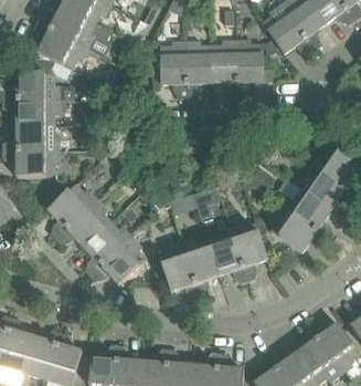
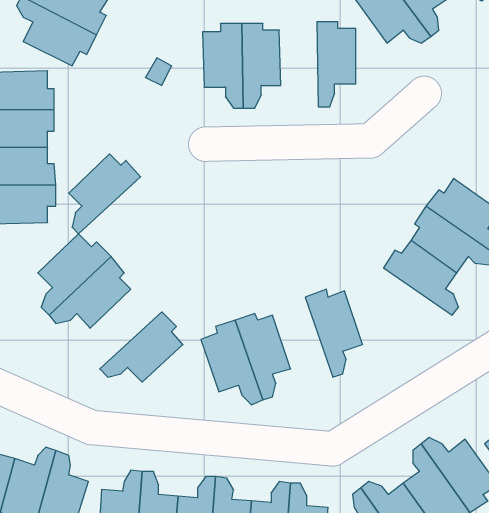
building: [212,40,238,97] -> none
building: [272,207,329,252] -> none
building: [84,221,132,275] -> [69,154,141,234]
building: [208,227,248,283] -> none

